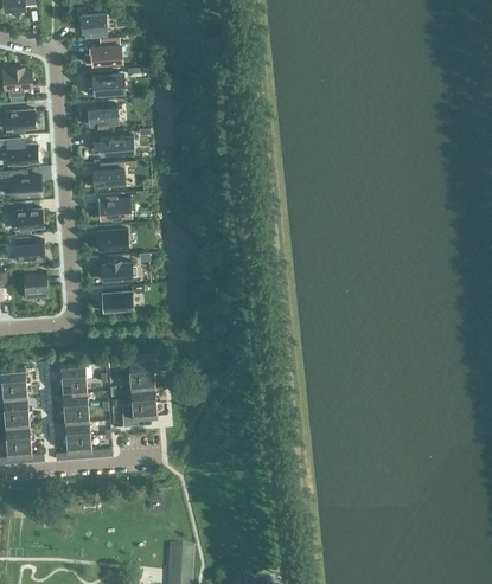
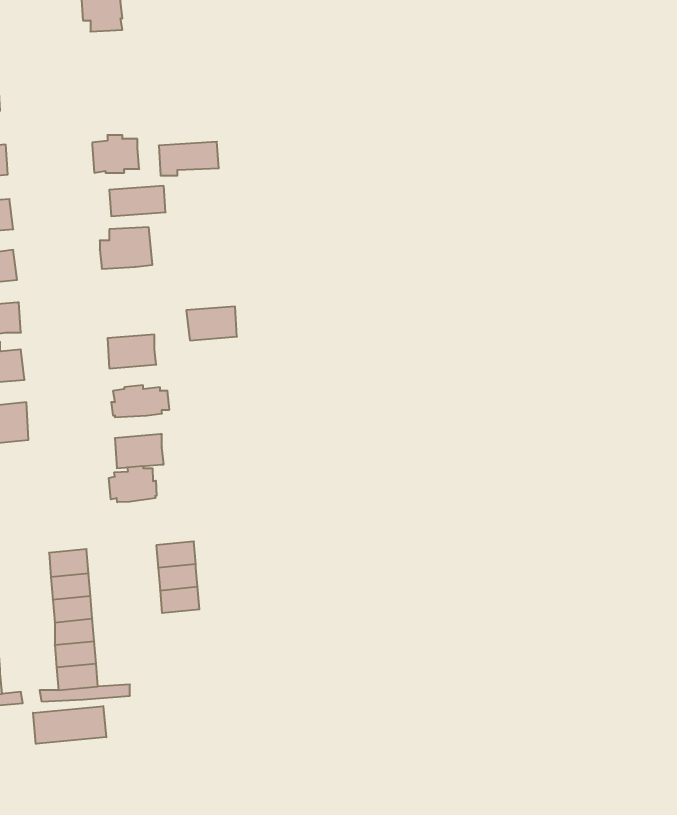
building: [90,37,121,64] -> none
building: [85,73,123,95] -> [159,142,219,176]
building: [98,198,130,219] -> [186,307,237,340]
building: none -> [109,466,157,502]
building: [121,402,156,426] -> none
building: none -> [33,706,106,744]

